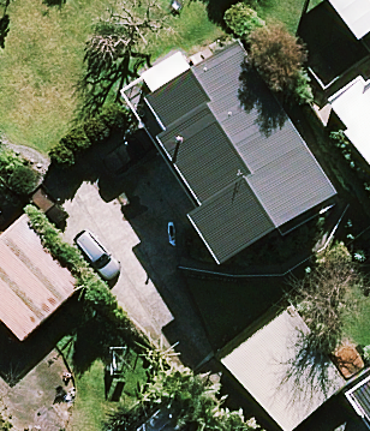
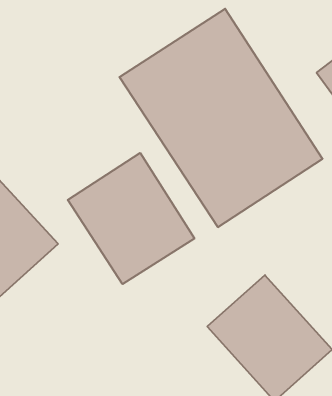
building: none -> [68,153,194,284]

